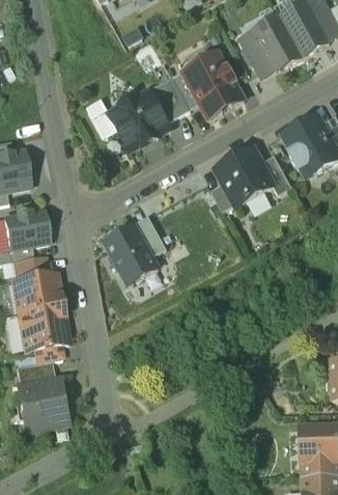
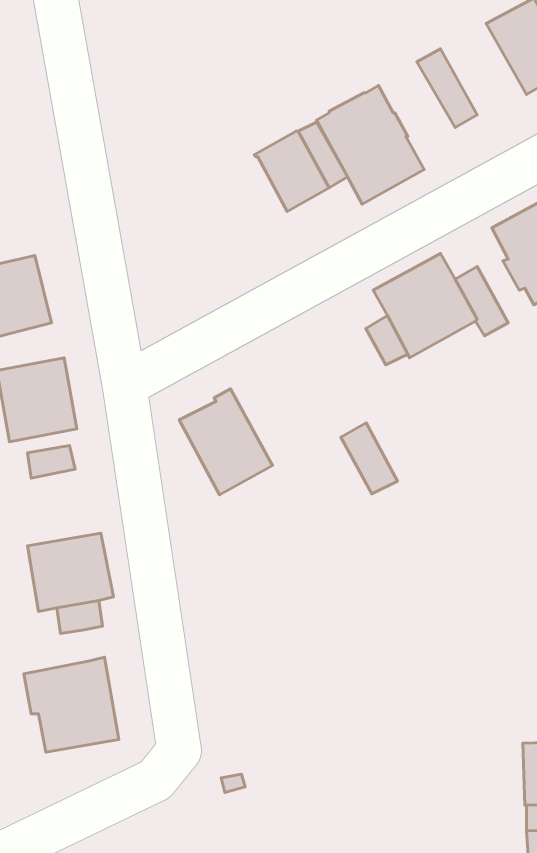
building: [253,16,302,71] -> none
building: [109,91,168,148] -> none
building: [134,215,166,255] -> [341,423,397,494]
building: [12,274,60,312] -> none
building: [16,360,54,384] -> none

